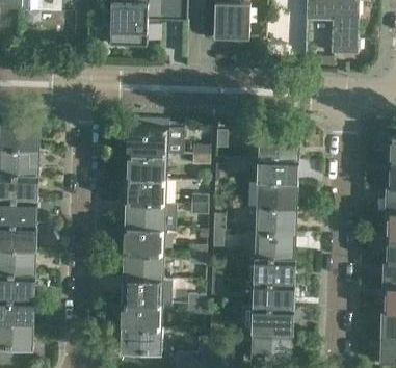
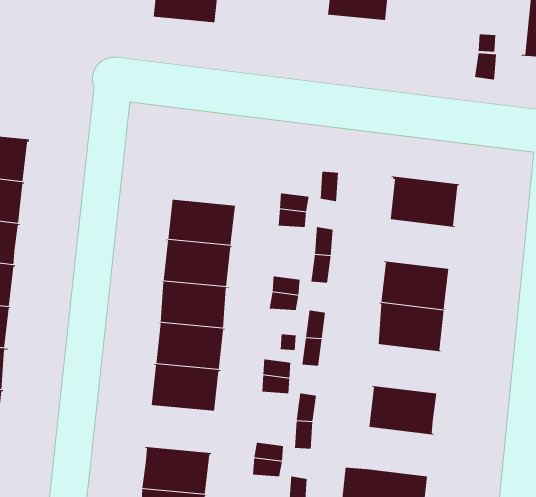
building: [127,126,183,154] -> none
building: [257,156,298,183] -> none
building: [255,231,296,258] -> none
building: [122,277,173,304] -> none
building: [254,281,294,308] -> none

